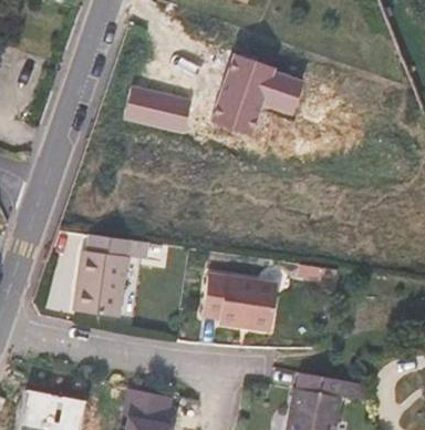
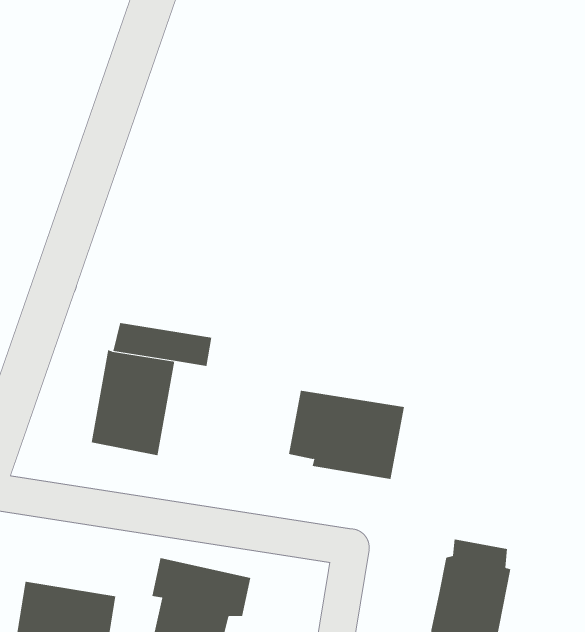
building: [209,58,304,142] -> none
building: [124,91,191,137] -> none

